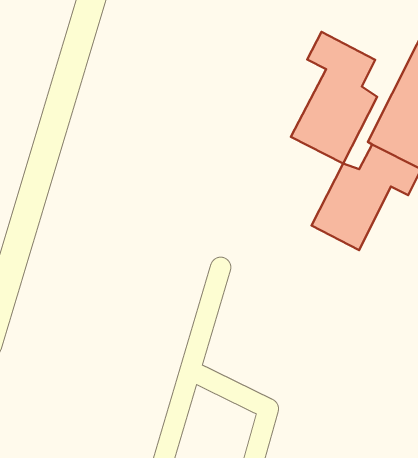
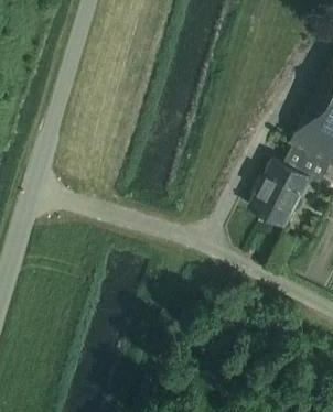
building: [291,32,377,163] -> none

